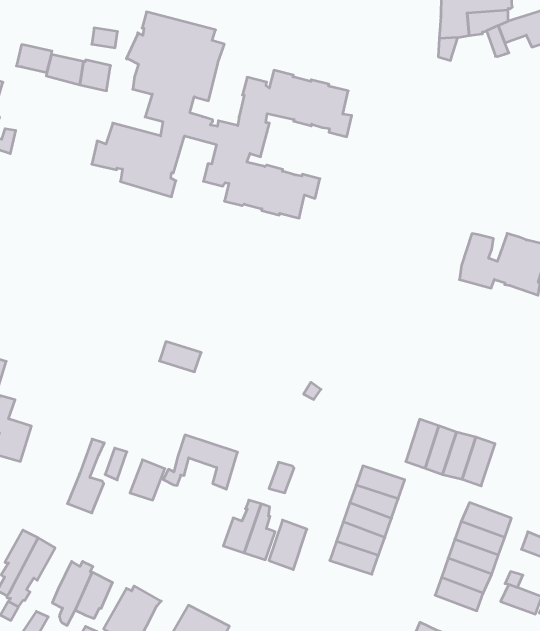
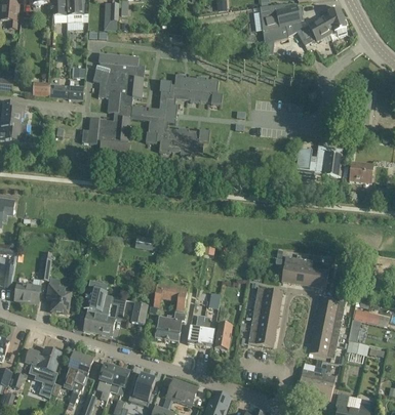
building: none -> [83,289,106,332]
building: none -> [154,309,185,341]

